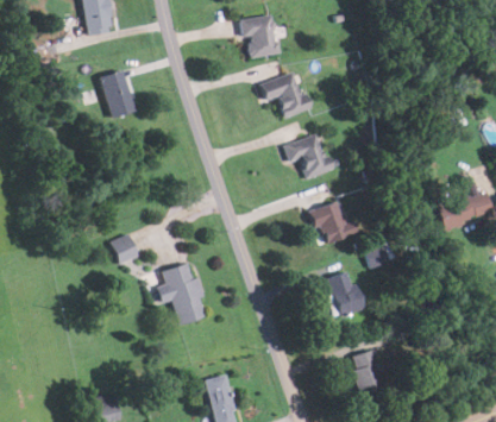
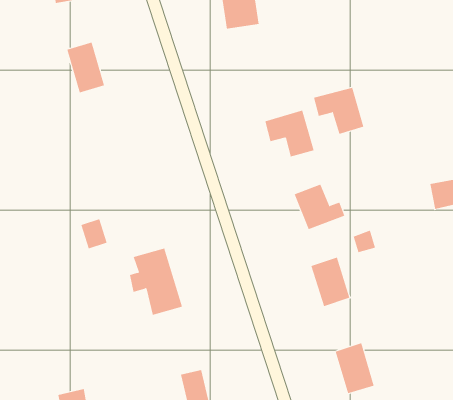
building: [262,73,309,116] -> [313,87,364,134]

